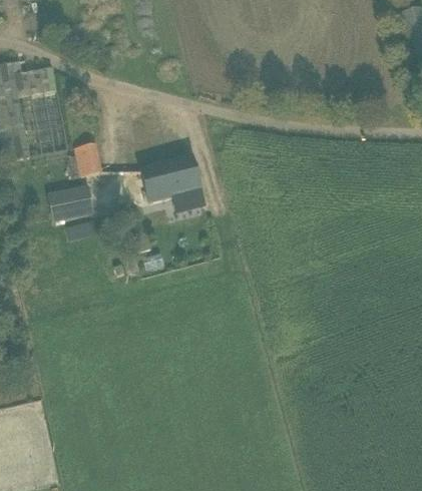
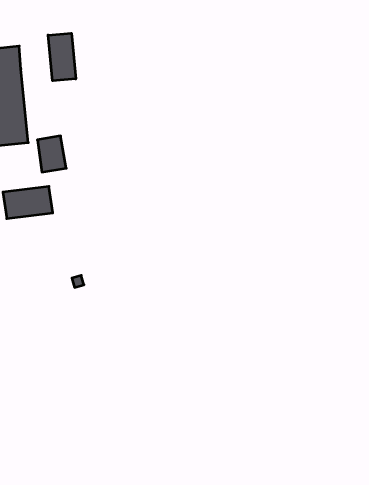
building: none -> [48,33,76,81]
building: [140,154,200,201] -> none

